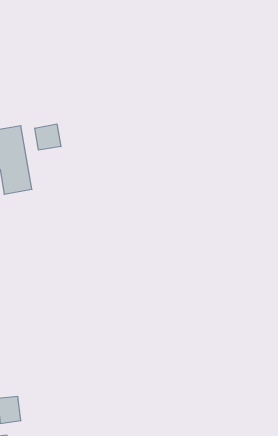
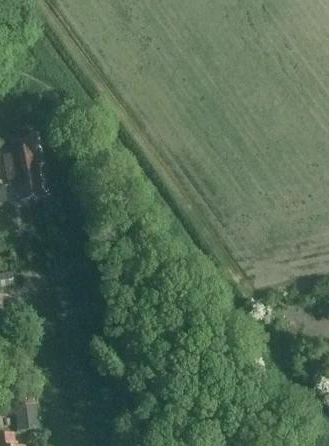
building: [35,124,61,150] -> none

